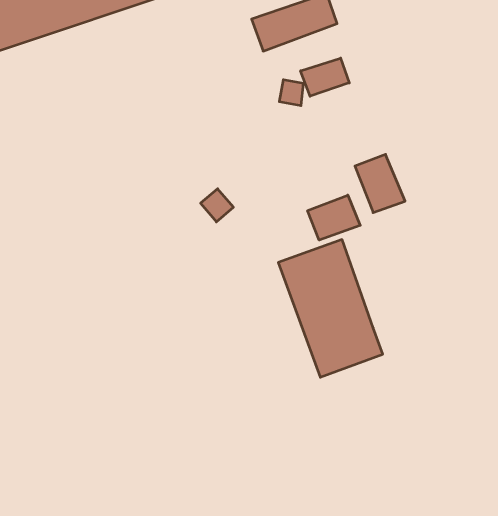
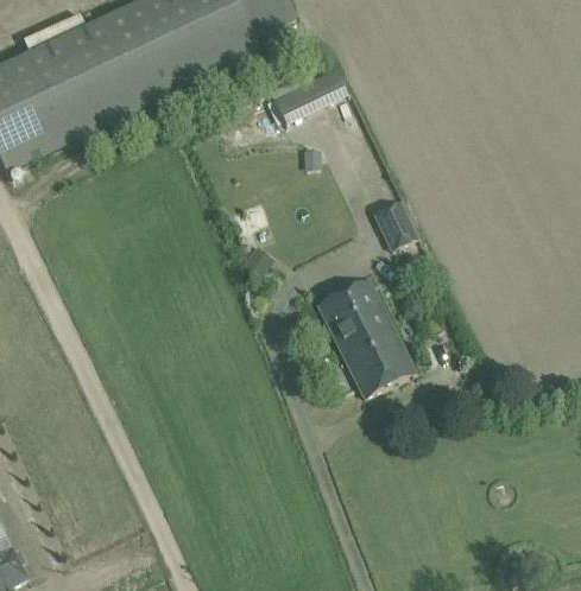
building: [301,58,349,96] -> none
building: [308,195,360,240] -> none

